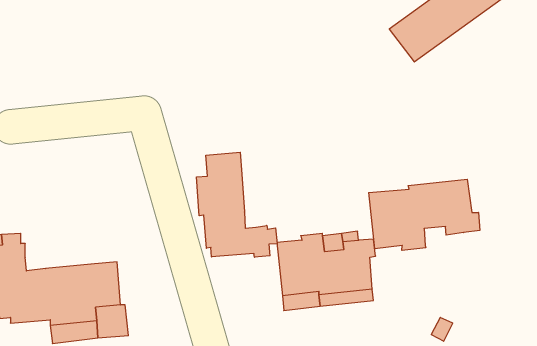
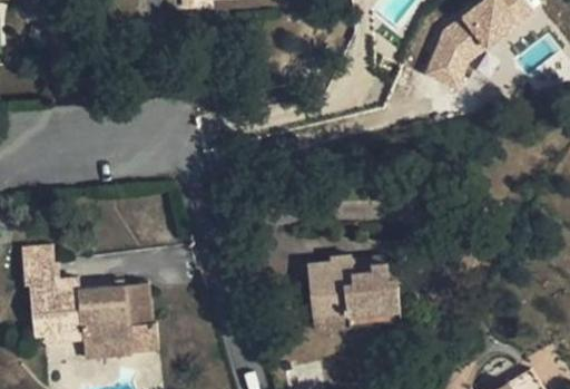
building: [197,152,277,257] -> none
building: [369,179,480,250] -> none

